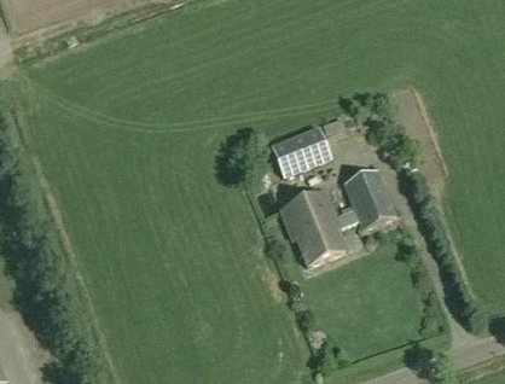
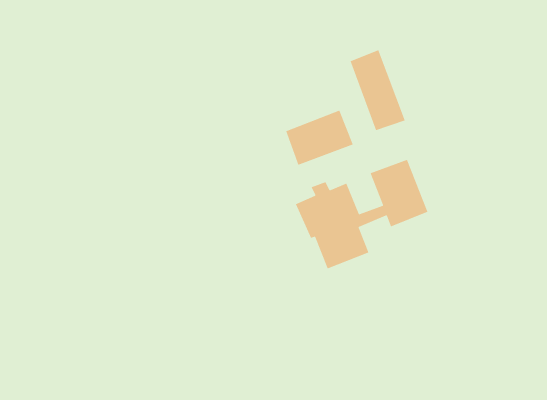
building: none -> [350,49,406,131]

